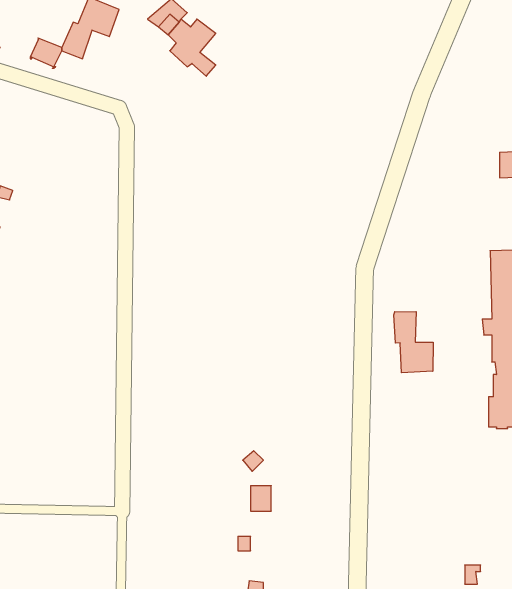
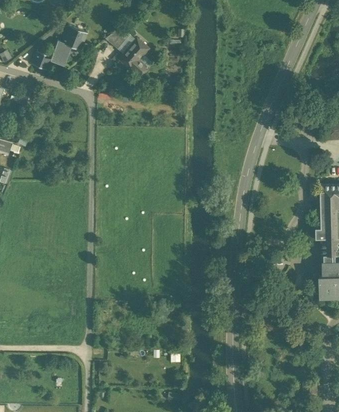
building: [394,312,433,373] -> none

